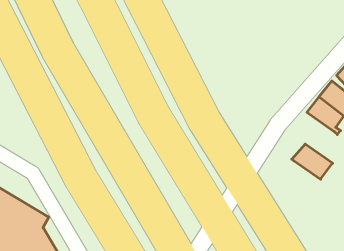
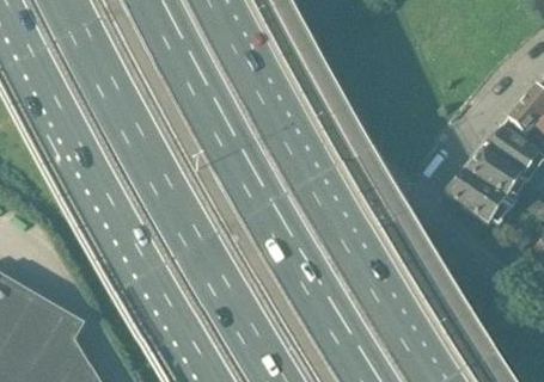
building: [292,144,333,179] -> [444,171,505,223]

